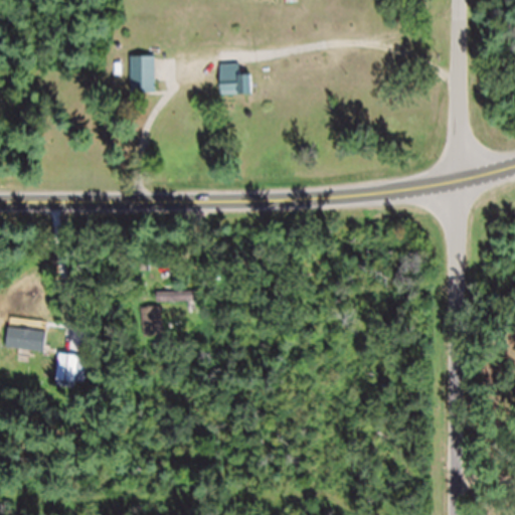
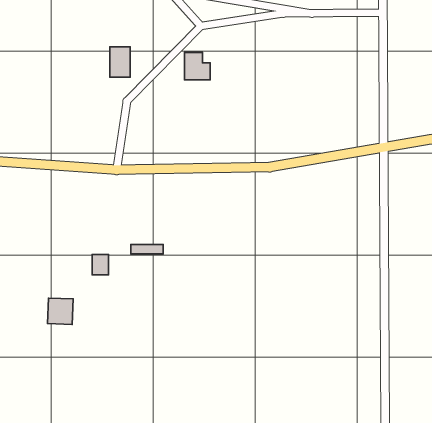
building: [143,307,162,331] -> [92,255,108,275]
building: [4,326,45,351] -> none

